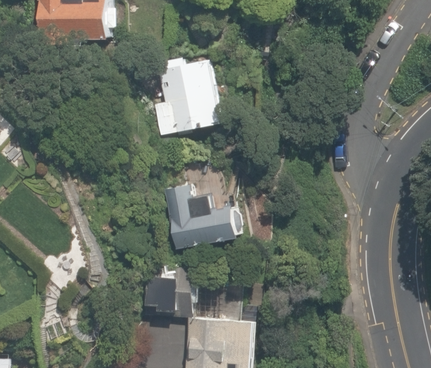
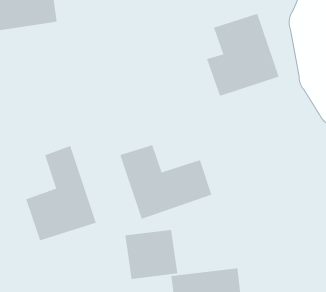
building: [150,61,220,138] -> [206,13,279,97]
building: none -> [26,145,97,241]

